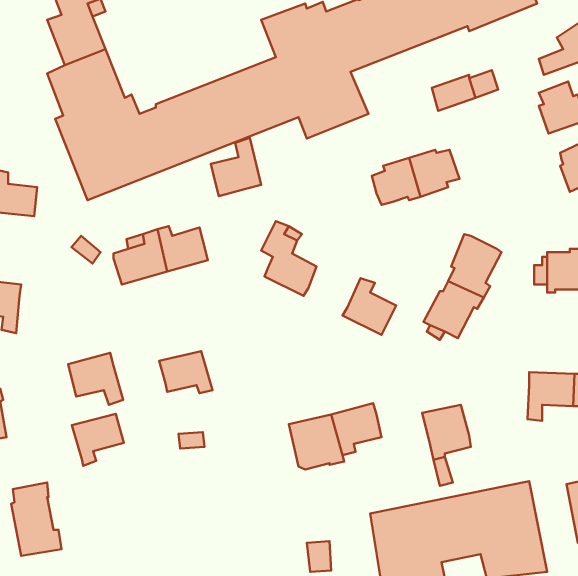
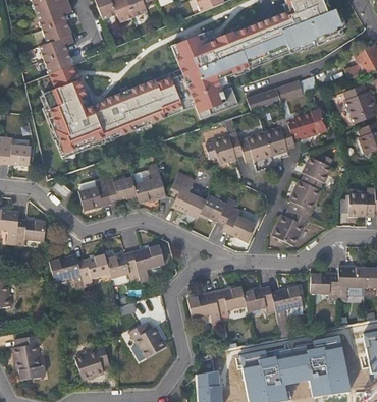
building: none -> [249,87,282,110]
building: none -> [287,108,326,138]
building: [211,138,261,196] -> [134,166,166,203]
building: none -> [211,132,244,163]
building: none -> [303,152,334,187]
building: none -> [201,192,236,224]
building: none -> [16,217,46,246]
building: none -> [133,244,165,278]
building: none -> [311,272,339,299]
building: none -> [244,284,277,312]
building: [72,414,124,466] -> [78,253,111,286]
building: none -> [129,318,166,356]
building: none -> [74,349,110,378]

